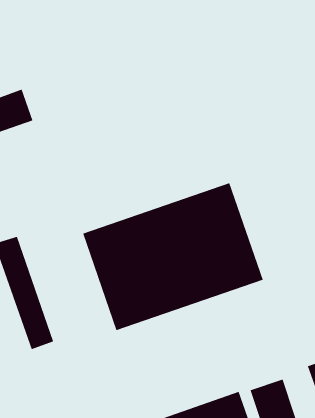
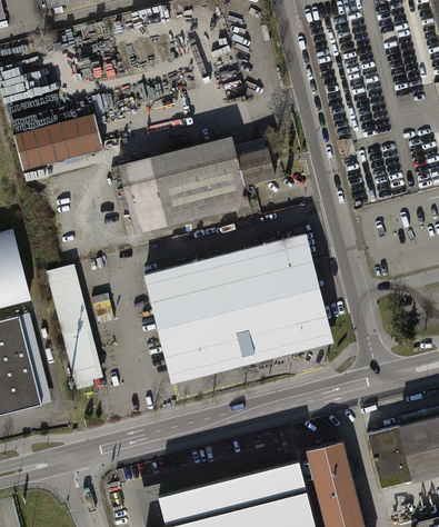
building: none -> [118,133,275,231]

